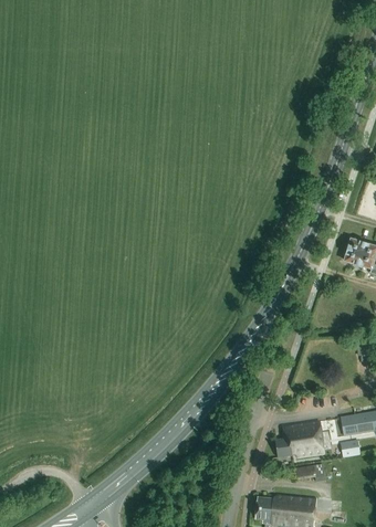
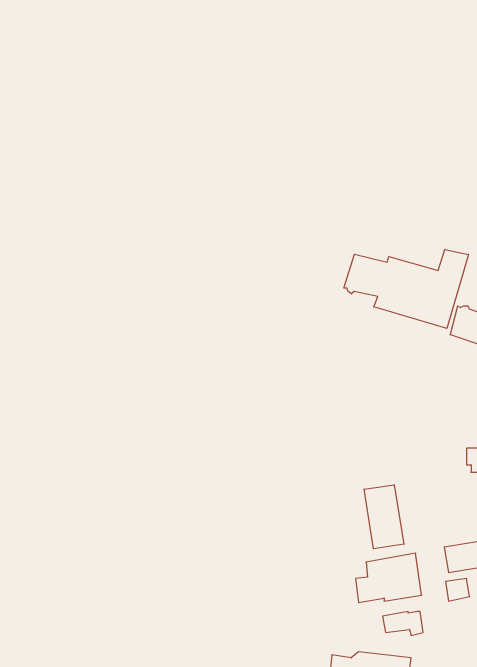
building: none -> [344,249,468,328]
building: none -> [364,485,404,549]

